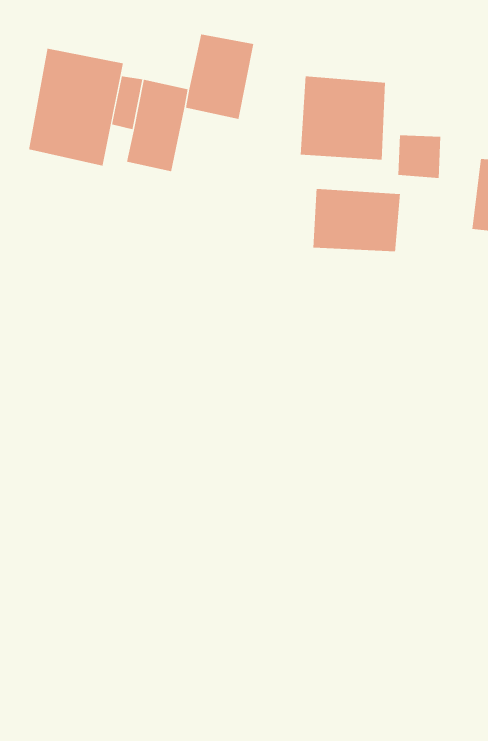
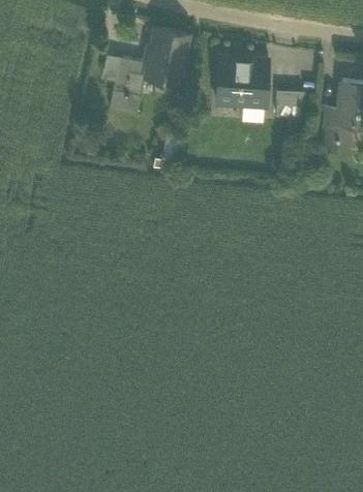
building: [29,48,123,167] -> none
building: [313,188,400,252] -> none

